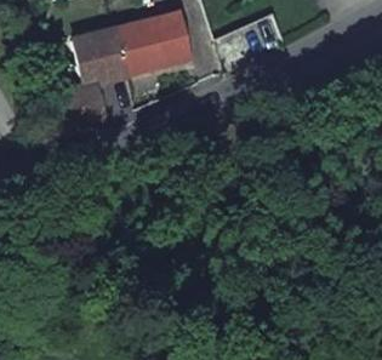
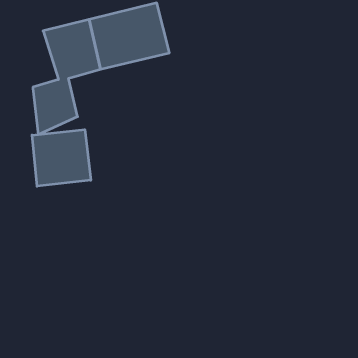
building: none -> [32,130,91,186]

